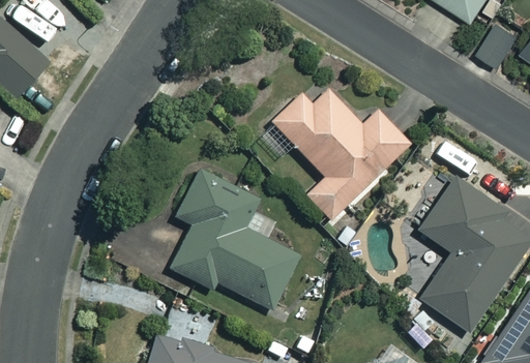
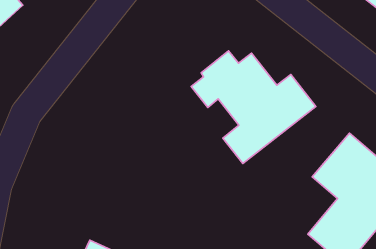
building: [172,172,301,310] -> none

